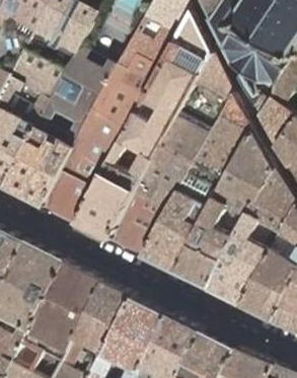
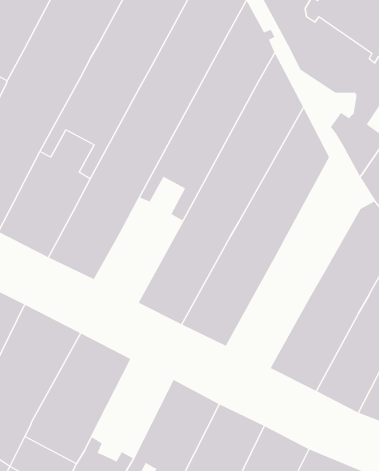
building: [172,134,272,291] -> none
building: [74,149,141,242] -> none
building: [72,284,133,358] -> none

